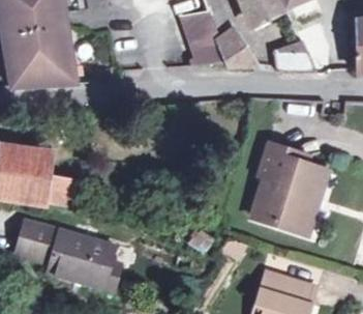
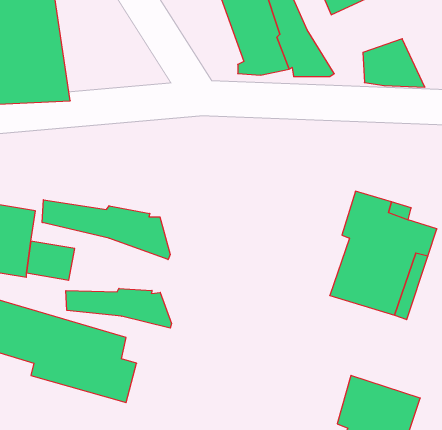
building: none -> [42,200,170,260]
building: none -> [66,288,172,328]

